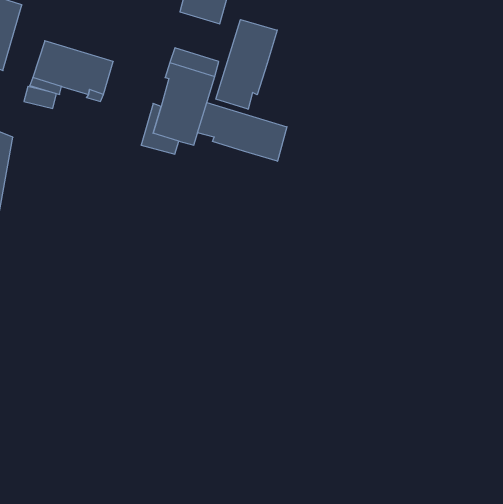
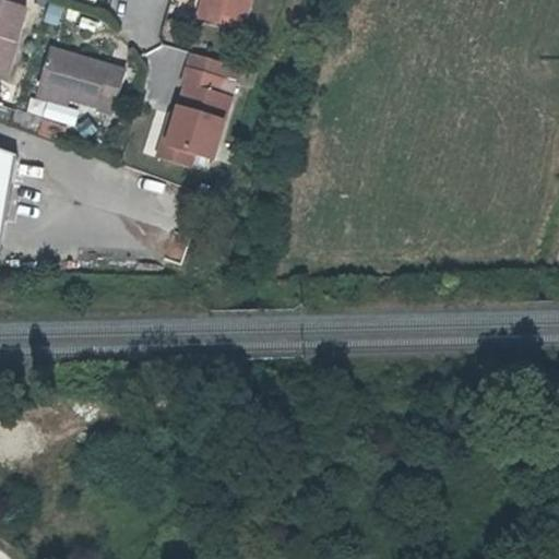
building: [216,20,277,109] -> none
building: [198,102,287,161] -> none

